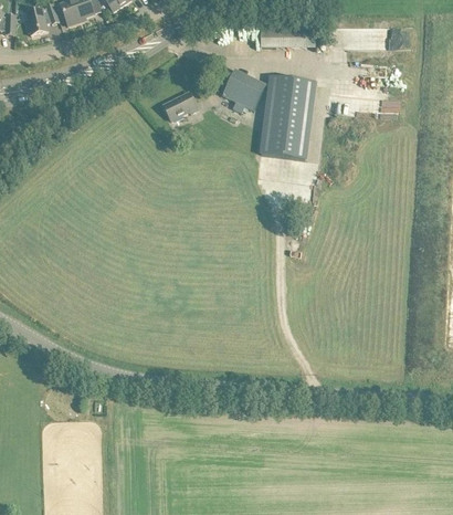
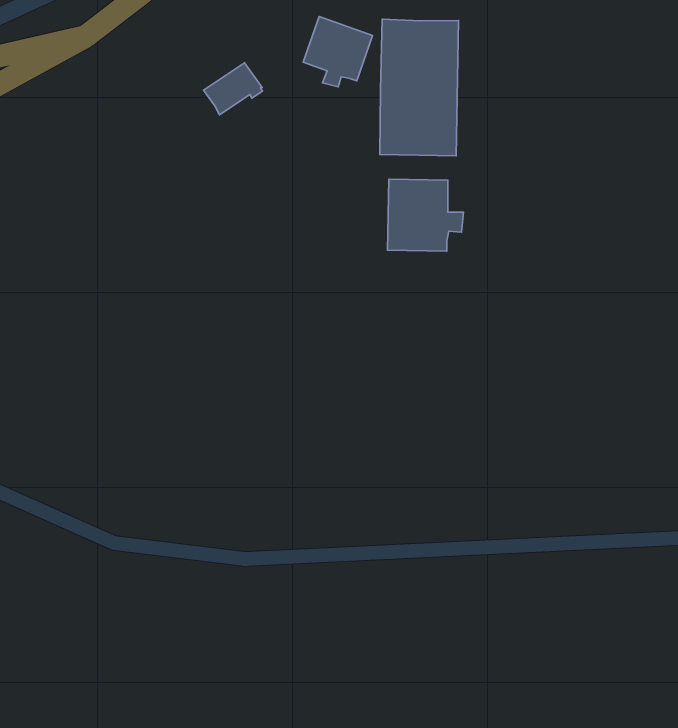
building: none -> [388,179,464,251]

